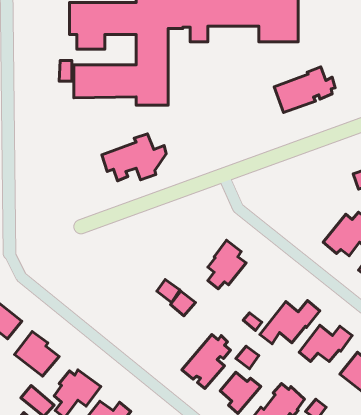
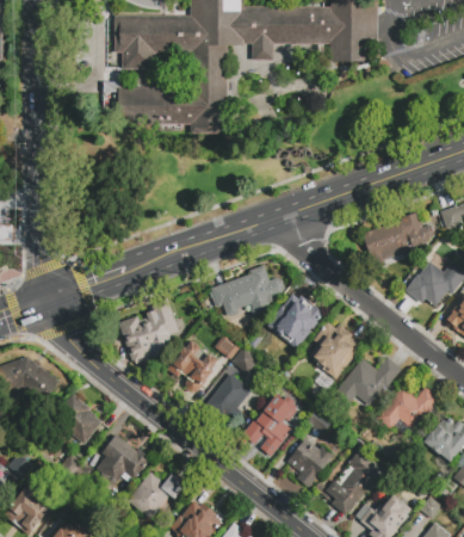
building: [274,67,335,113] -> [364,212,434,265]
building: [102,134,166,181] -> [210,264,284,317]
building: none -> [118,302,178,364]
building: none -> [307,321,364,379]
building: none -> [168,340,218,391]
building: none -> [204,374,252,424]

